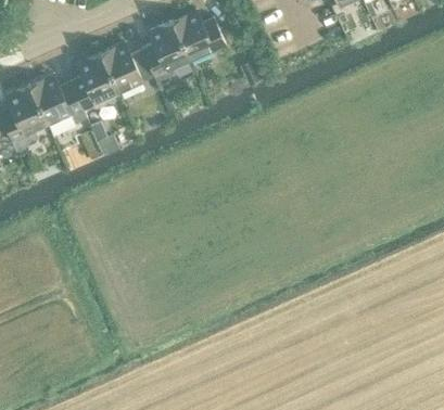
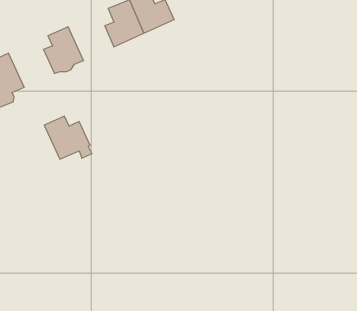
building: [100,43,154,94] -> none
building: [29,75,86,126] -> [44,116,92,159]

